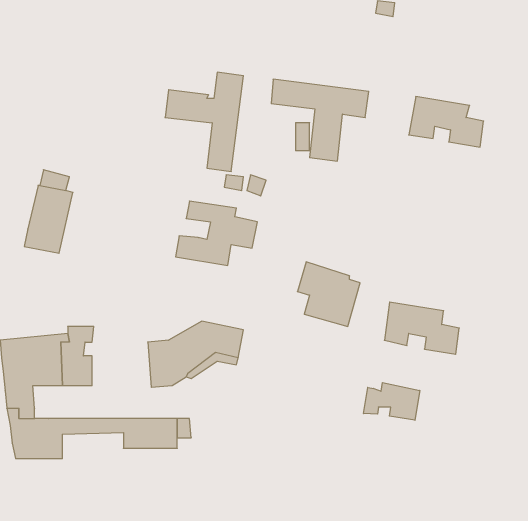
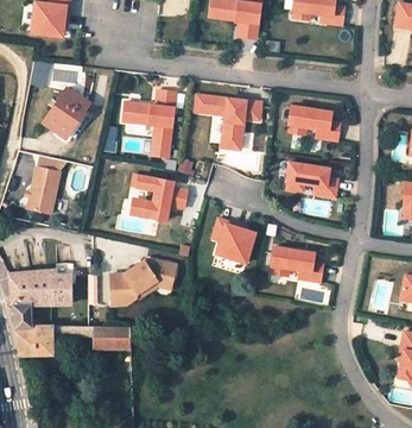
building: none -> [43,88,90,139]
building: none -> [286,163,338,197]
building: [364,383,420,420] -> none

